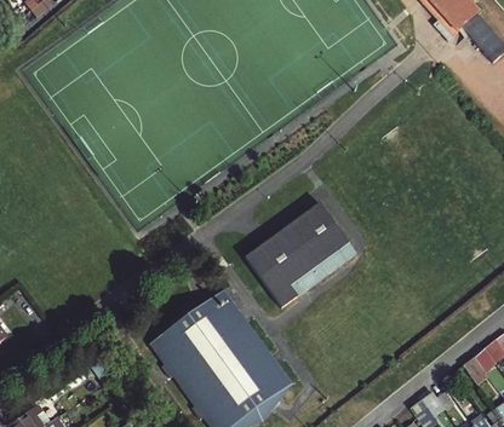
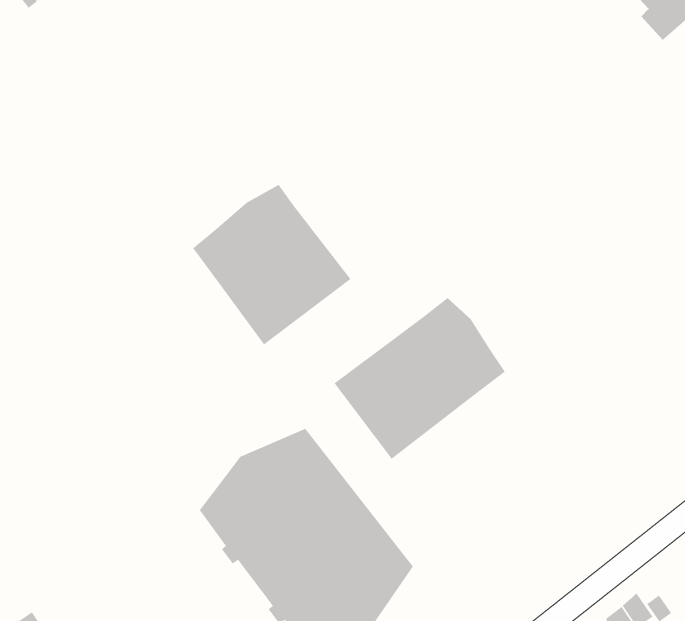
building: none -> [192,184,351,345]

